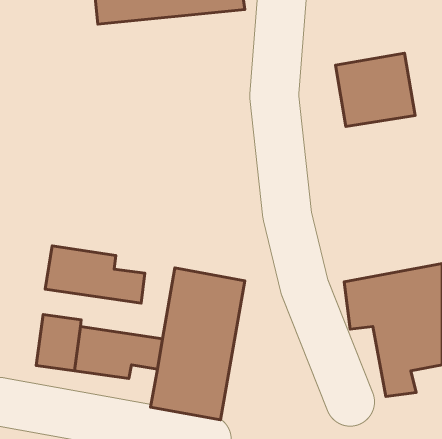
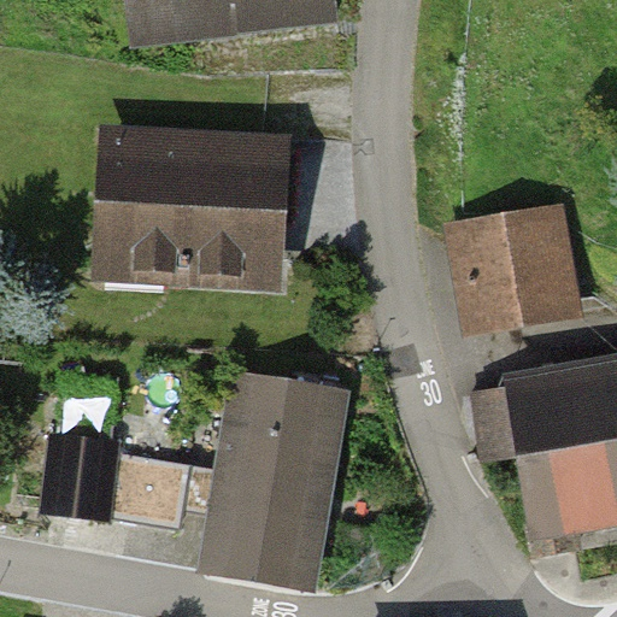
building: [335,53,415,127] -> [460,218,571,321]
building: none -> [107,141,282,274]
building: [45,246,145,303] -> none

